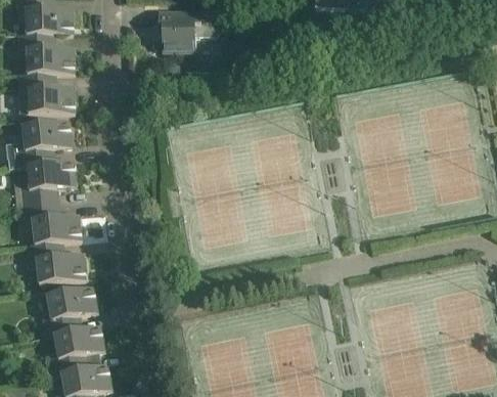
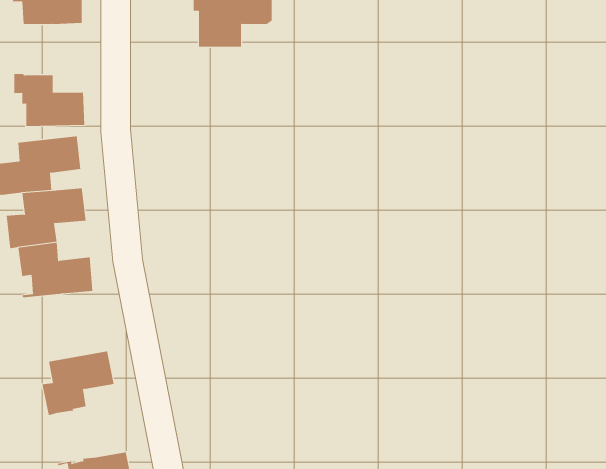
building: [19,33,75,73] -> none
building: [28,241,86,283] -> none
building: [50,324,105,372] -> none

